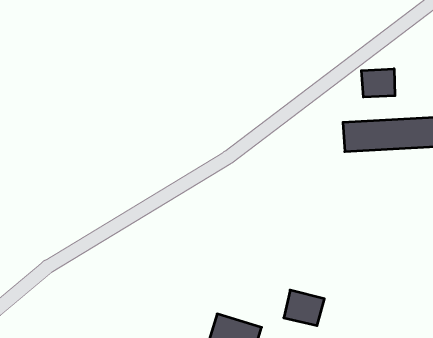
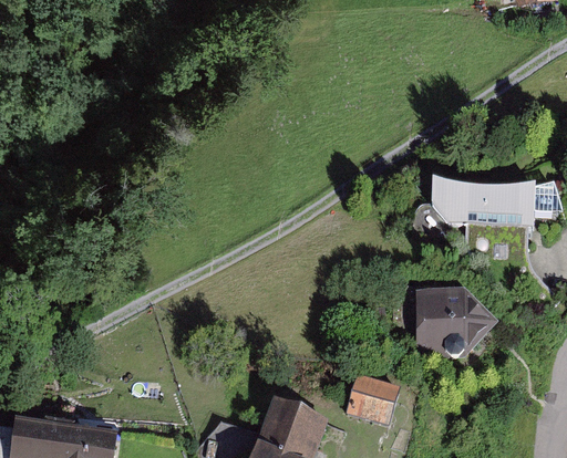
building: [361,69,395,97] -> none
building: none -> [415,287,498,354]

